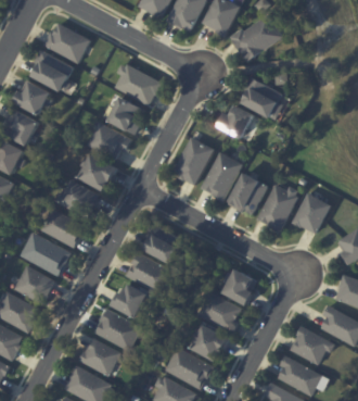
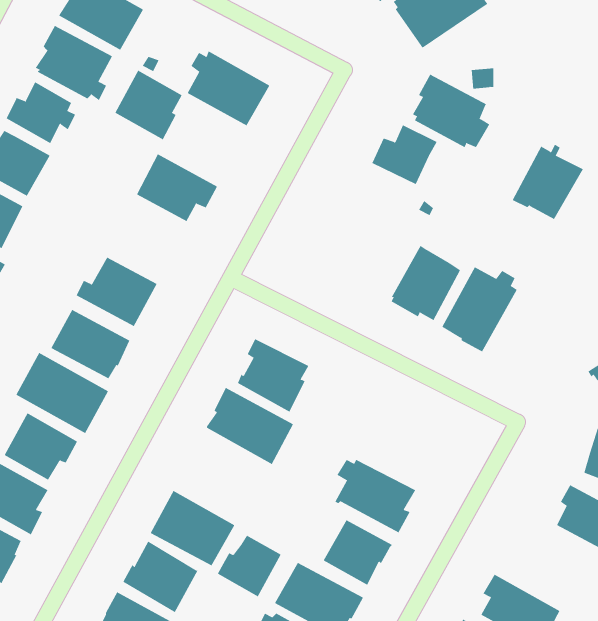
building: [107,96,145,135] -> [114,70,182,140]
building: [174,137,215,186] -> none
building: [201,151,243,201] -> none
building: [78,153,117,191] -> none
building: [292,191,332,234] -> [512,144,584,220]
building: [223,268,258,305] -> none
building: [113,284,149,318] -> [217,535,281,597]
building: [291,326,336,365] -> none

